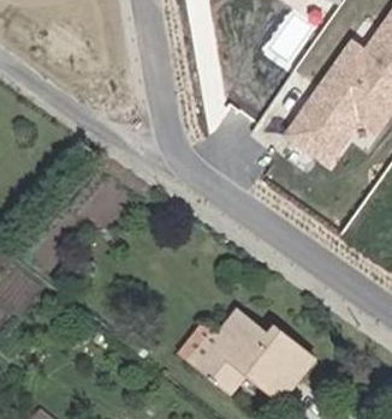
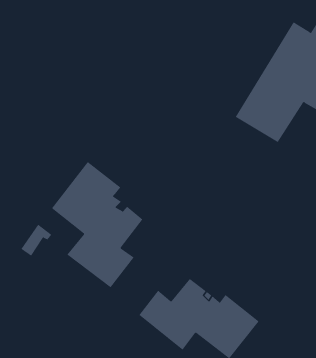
building: none -> [51,161,143,288]

